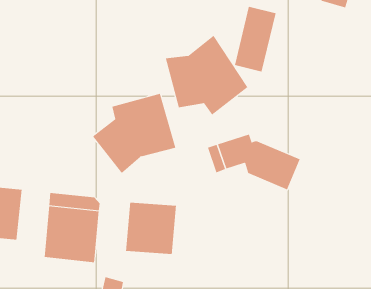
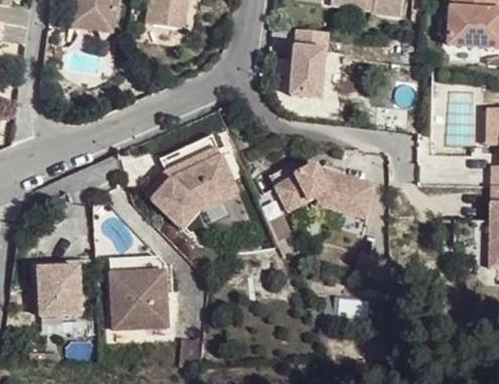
building: [165,35,248,115] -> none
building: [125,202,177,255] -> none

